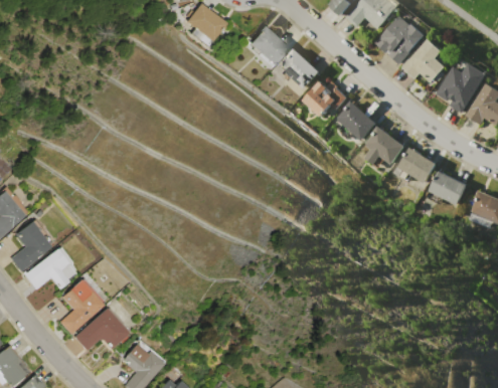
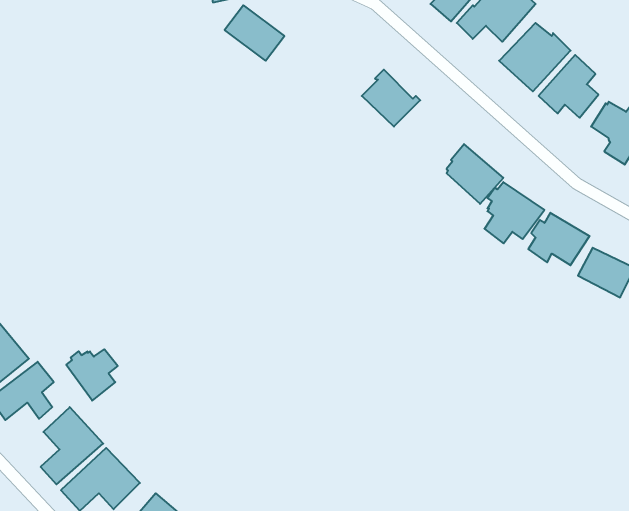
building: [251,25,290,64] -> none
building: [305,78,349,116] -> none
building: none -> [66,349,118,401]

